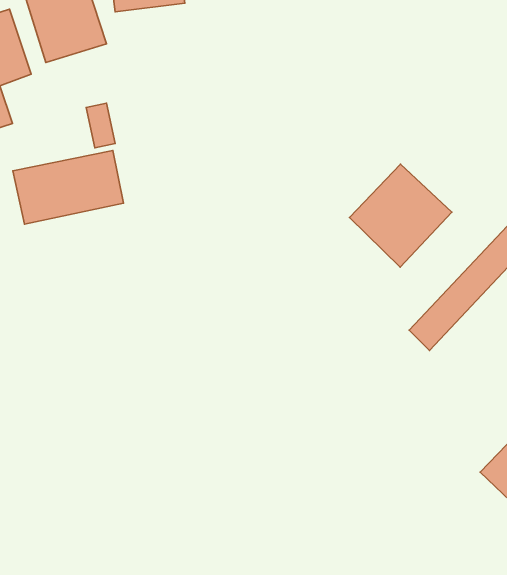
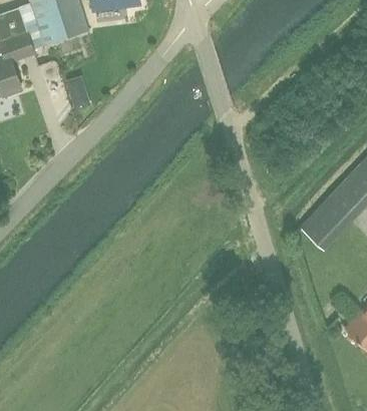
building: [13,151,124,224] -> none
building: [350,164,452,267] -> none

